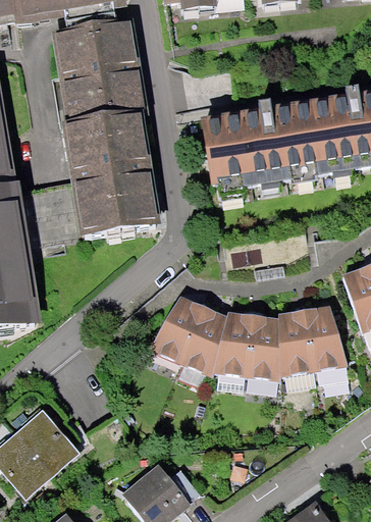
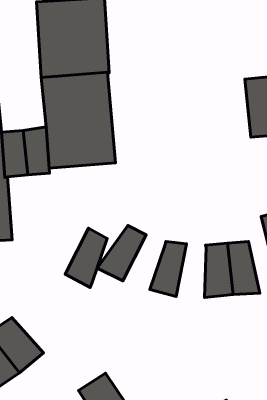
building: [209,105,322,195] -> none
building: [178,304,226,376] -> [65,228,107,288]
building: [245,311,279,380] -> none

